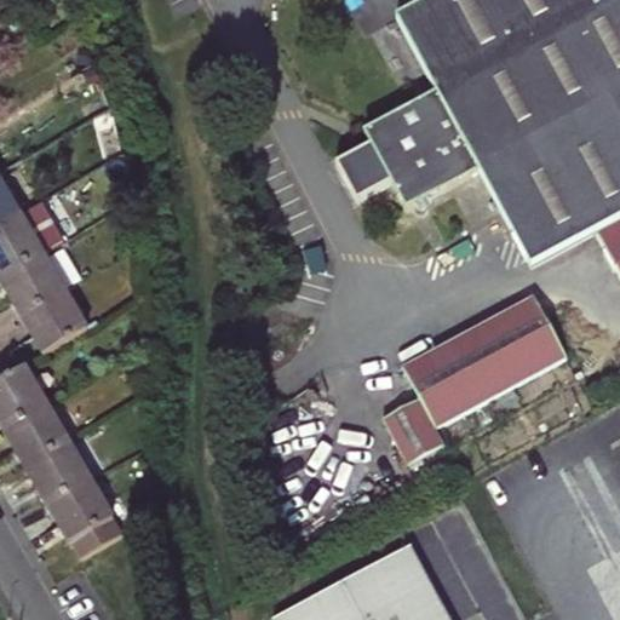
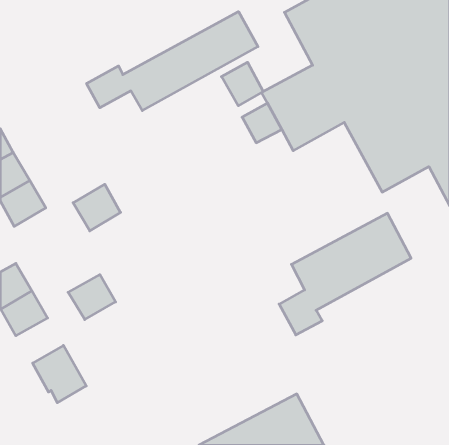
building: none -> [87,12,258,111]
building: none -> [221,62,263,106]
building: [21,286,86,350] -> [73,184,121,231]
building: [23,437,88,499] -> [68,275,116,320]

